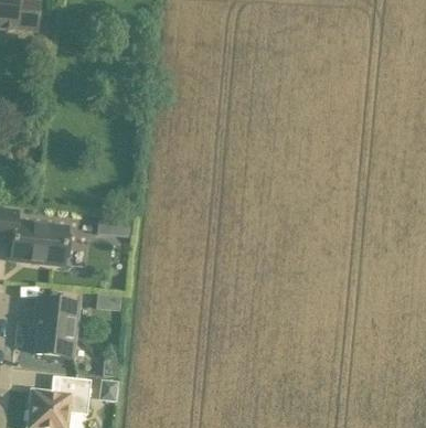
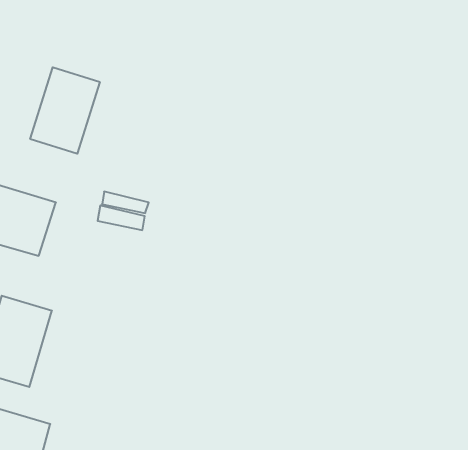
building: none -> [30,67,100,154]

